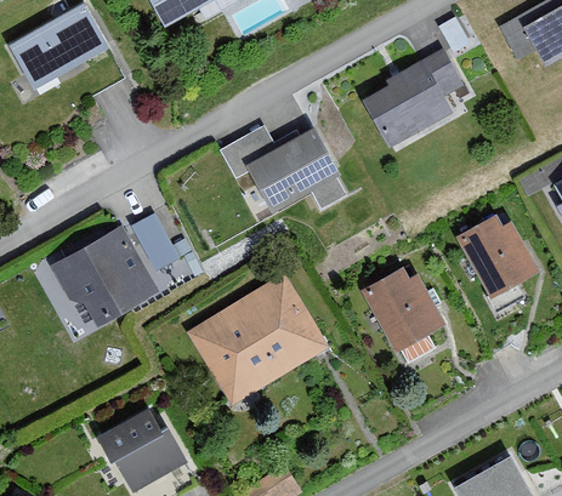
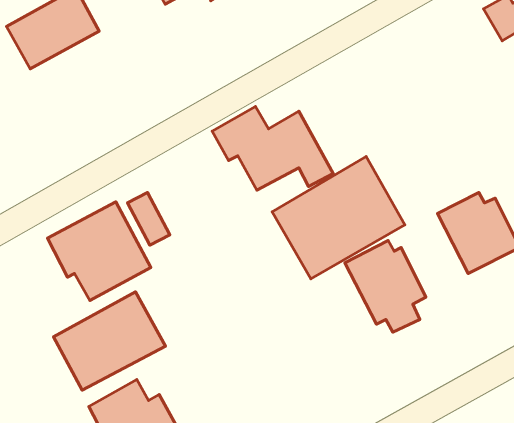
building: [362,51,462,148] -> none
building: [191,274,328,400] -> [272,157,405,279]
building: none -> [53,292,165,390]

